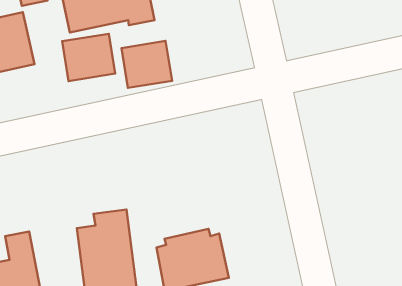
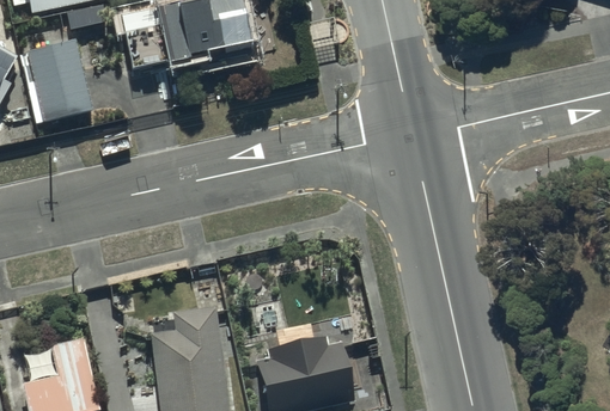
building: [62,34,115,81] -> none
building: [121,41,172,88] -> none

